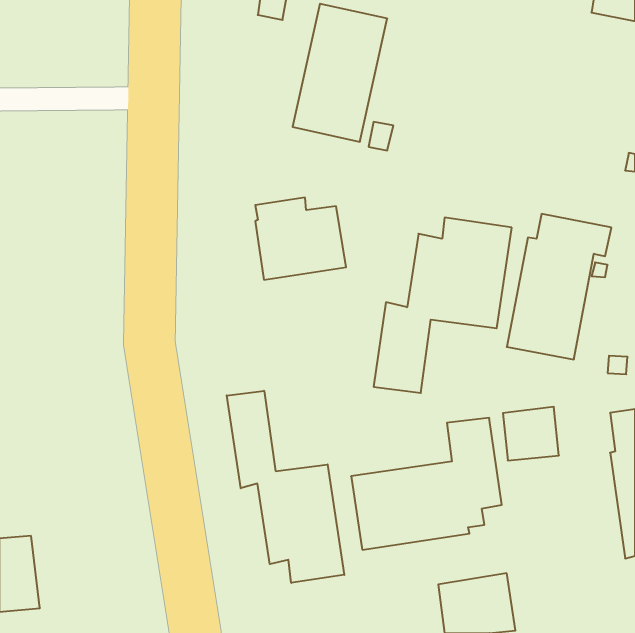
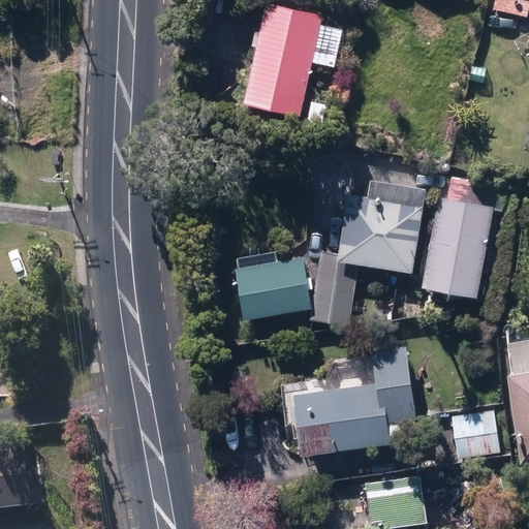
building: [255,198,346,280] -> [235,251,310,319]
building: [227,391,344,583] -> none
building: [503,407,559,460] -> [452,410,498,455]

